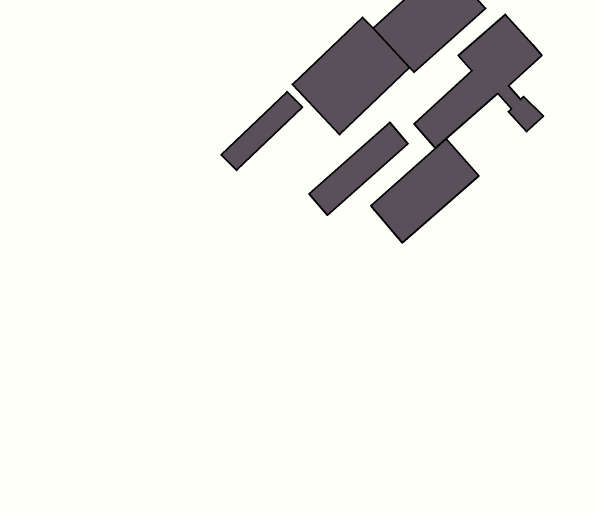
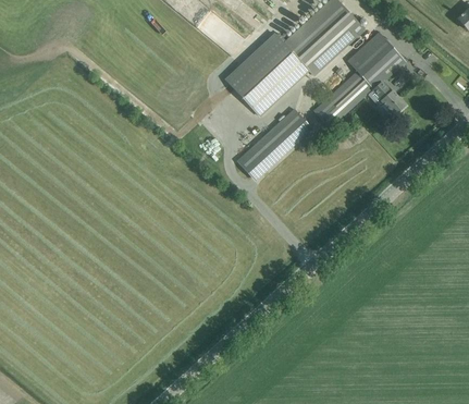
building: [221,92,302,170] -> none
building: [371,139,479,243] -> none

